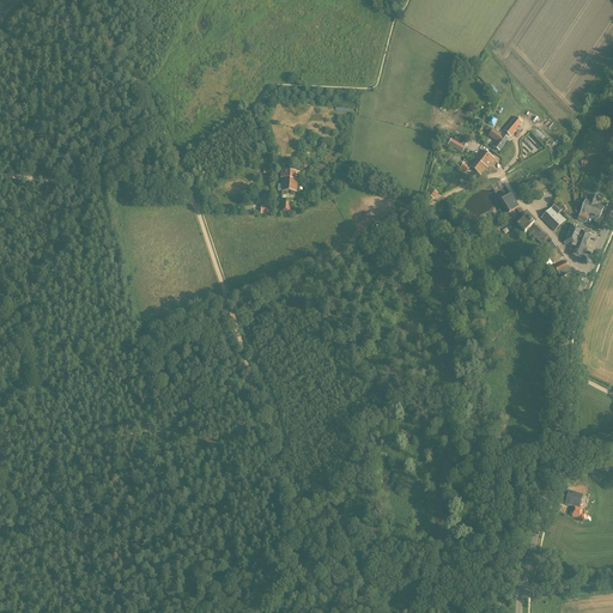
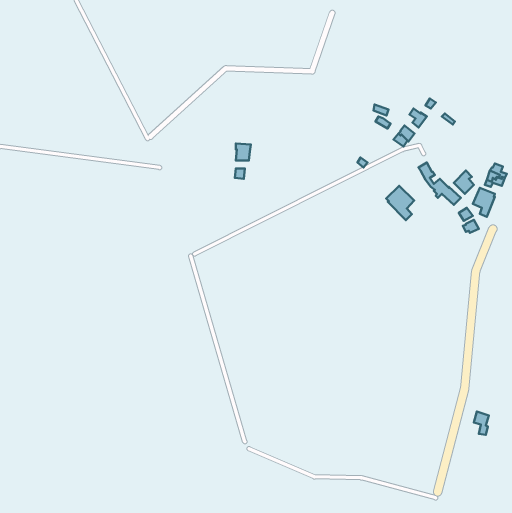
building: none -> [386,186,414,220]

